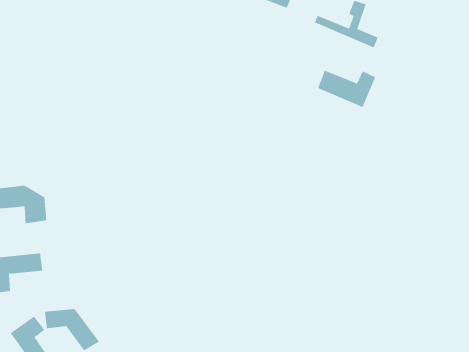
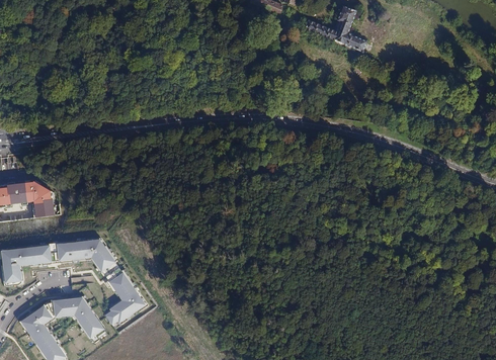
building: [317,70,376,108] -> none
building: none -> [56,238,115,272]
building: none -> [104,272,145,326]

